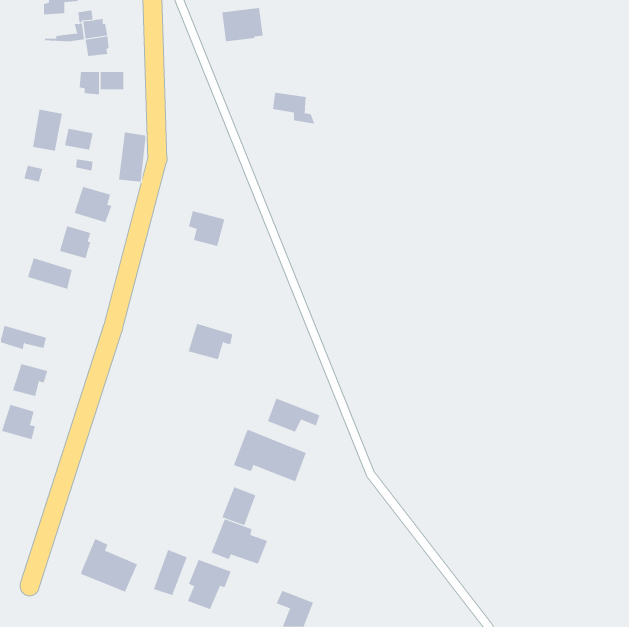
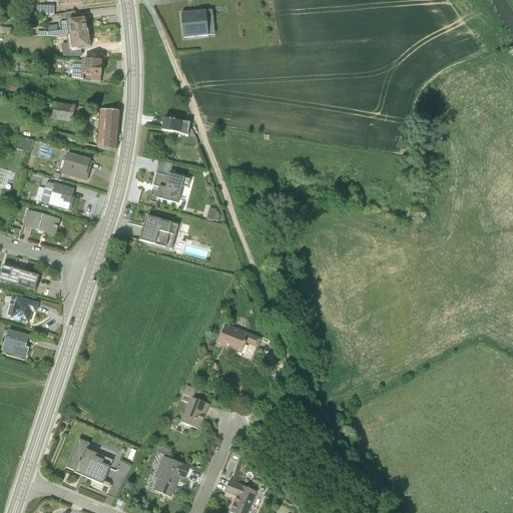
building: [272,92,315,124] -> [160,114,195,140]
building: [33,109,63,151] -> none
building: [188,323,233,360] -> [140,215,177,245]
building: [233,429,307,482] -> none
building: [211,518,268,565] -> none
building: [153,549,187,596] -> none

